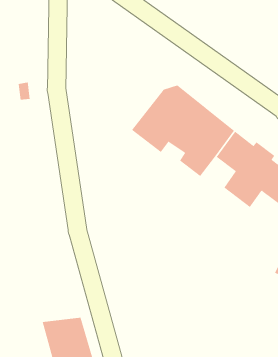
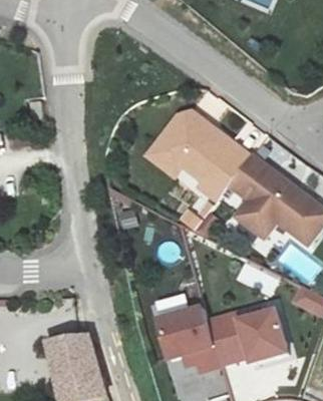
building: none -> [158,313,288,375]

